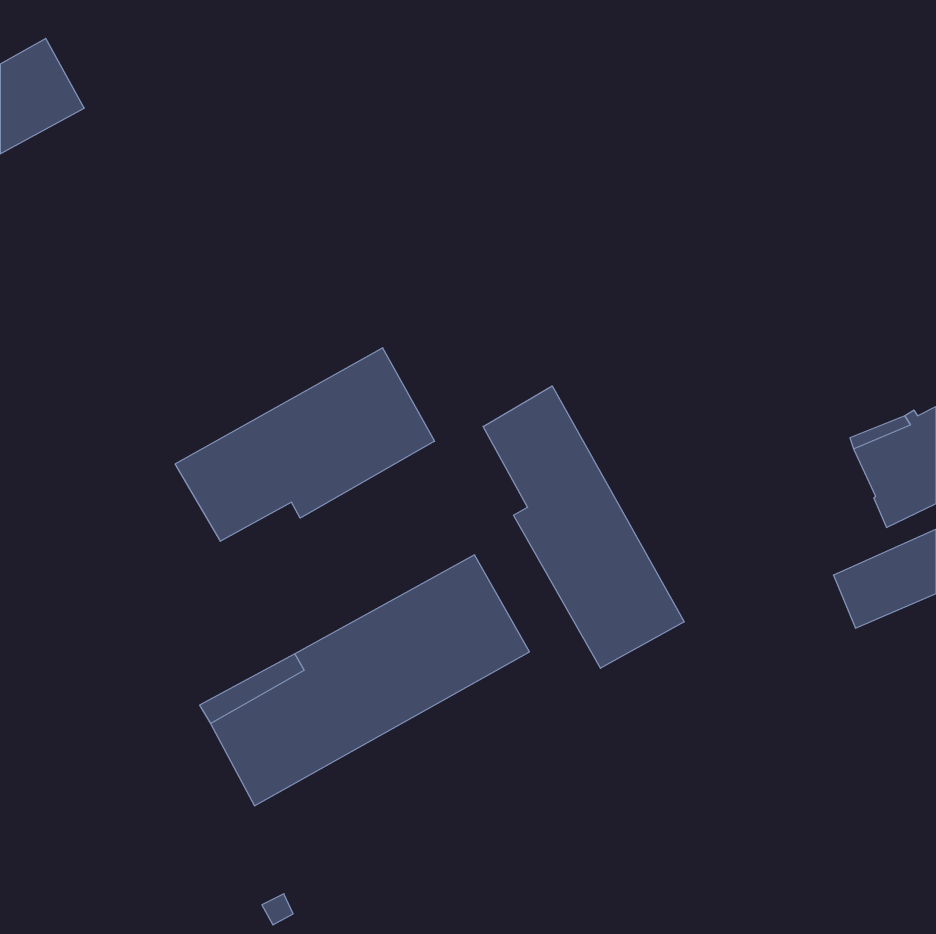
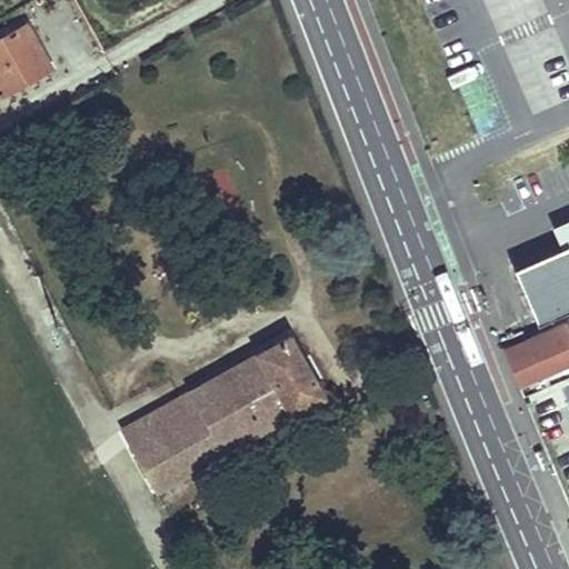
building: [175,348,435,541] -> none
building: [483,386,684,668] -> none

